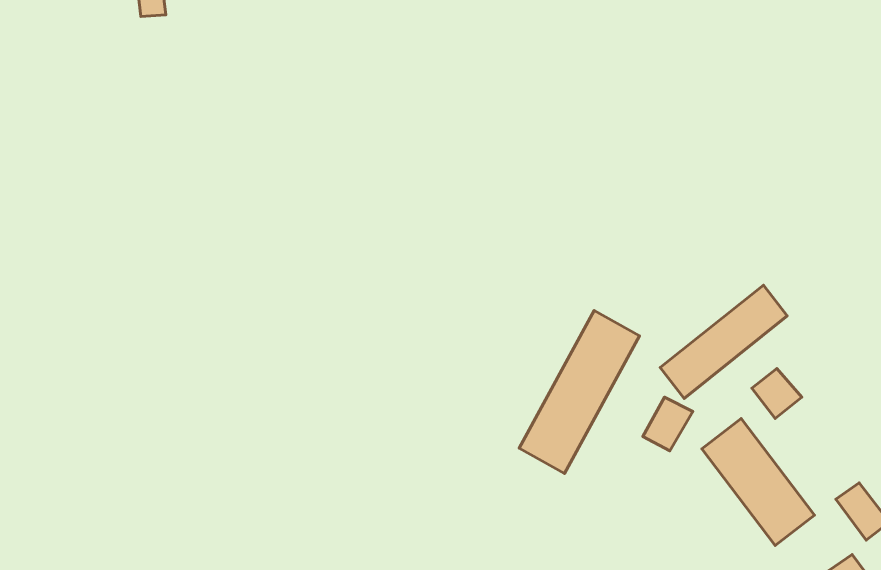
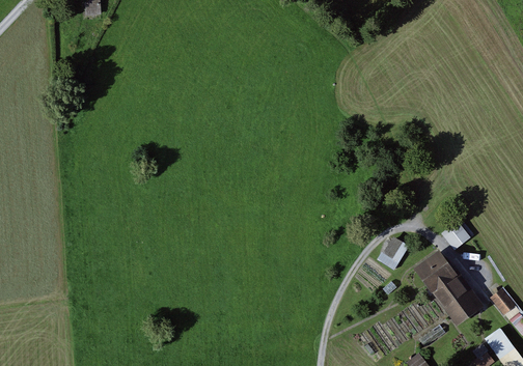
building: [660,285,787,398] -> none
building: [519,311,640,474] -> none

